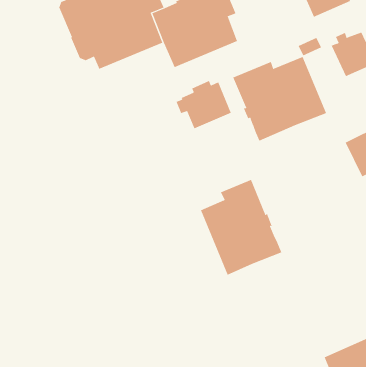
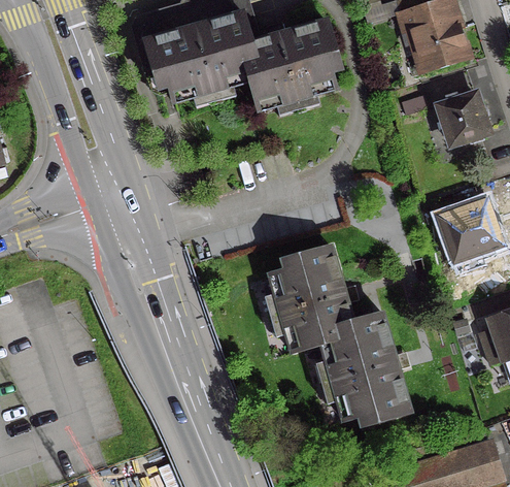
building: [233,56,327,142] -> none
building: [176,80,232,129] -> none
building: none -> [321,315,411,422]

